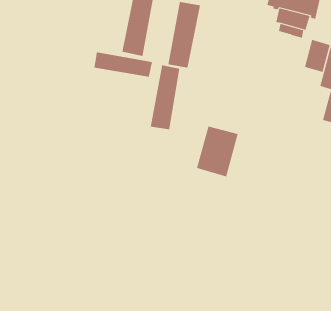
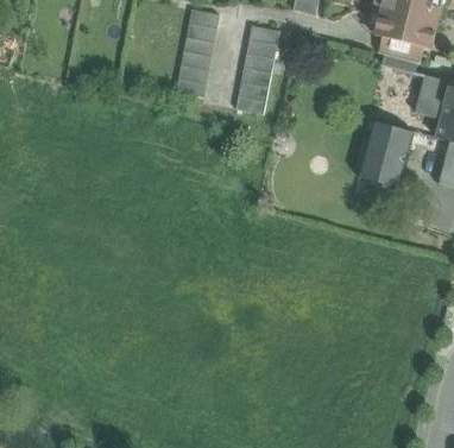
building: [94,51,152,77] -> none
building: [150,64,180,130] -> none
building: [196,126,238,177] -> [358,121,414,189]

